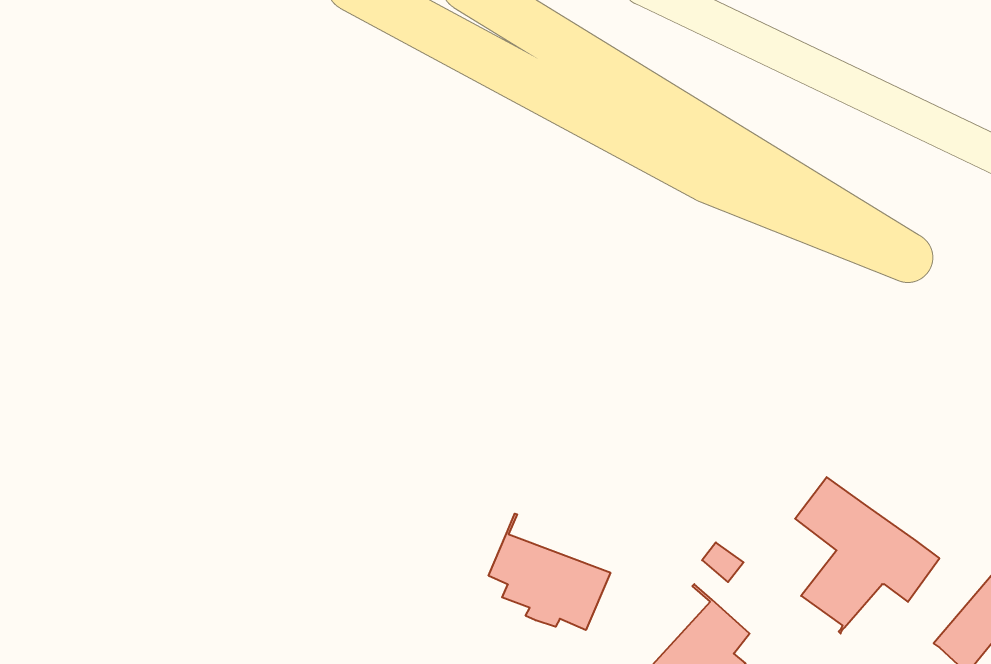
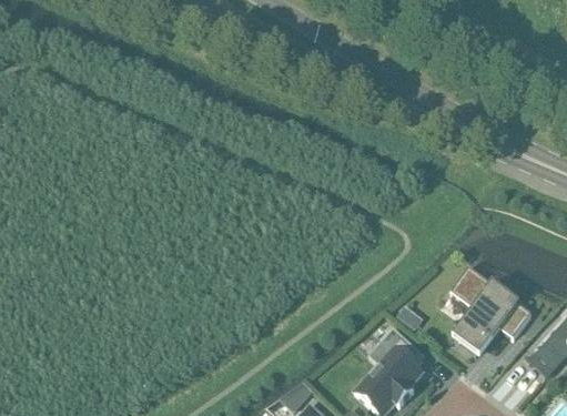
building: [489,514,610,630] -> none

